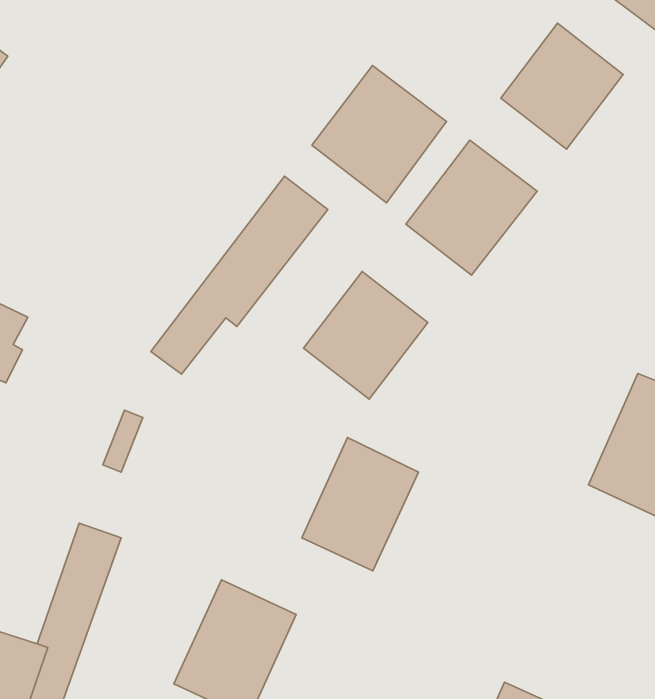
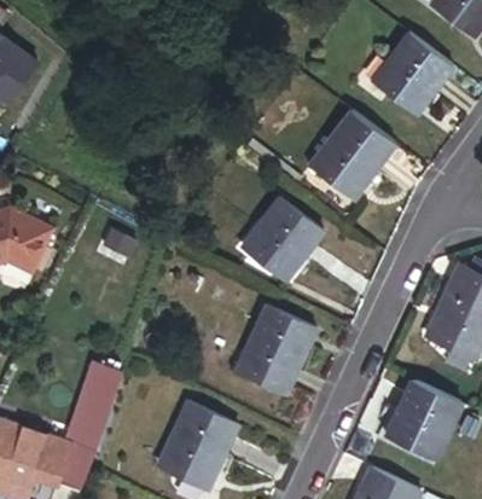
building: [312,65,447,203] -> none
building: [151,176,328,374] -> none
building: none -> [389,379,465,459]

